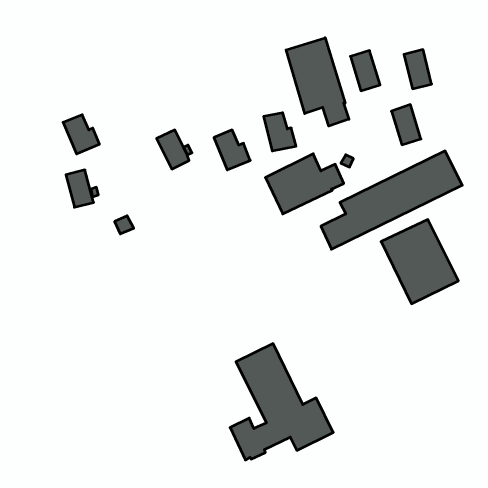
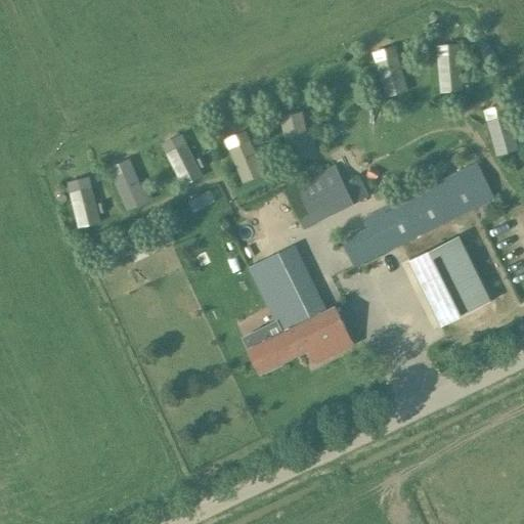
building: [286,38,349,126] -> none
building: [391,105,421,145] -> [486,113,518,156]
building: [63,115,99,154] -> [113,165,151,207]
building: [230,344,333,460] -> [244,248,354,373]

